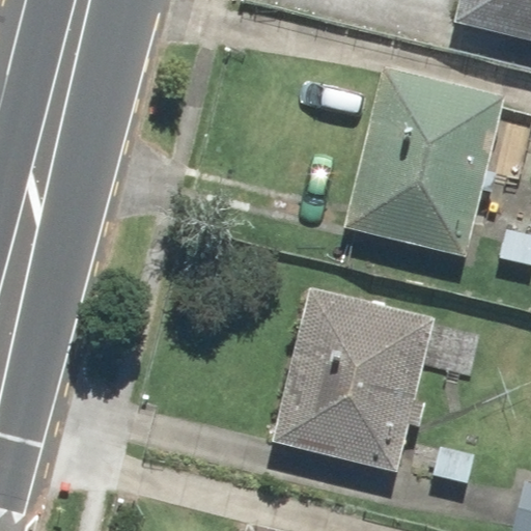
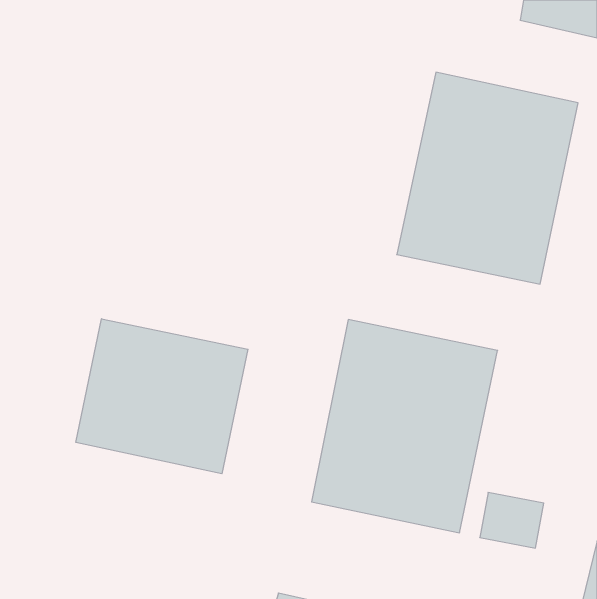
building: none -> [76,319,248,474]

